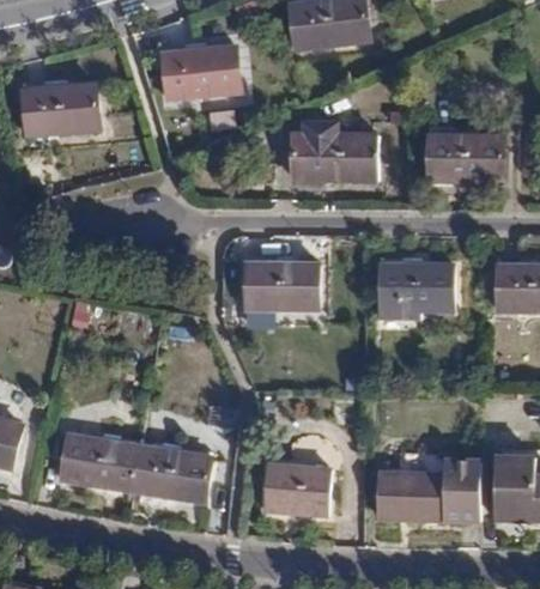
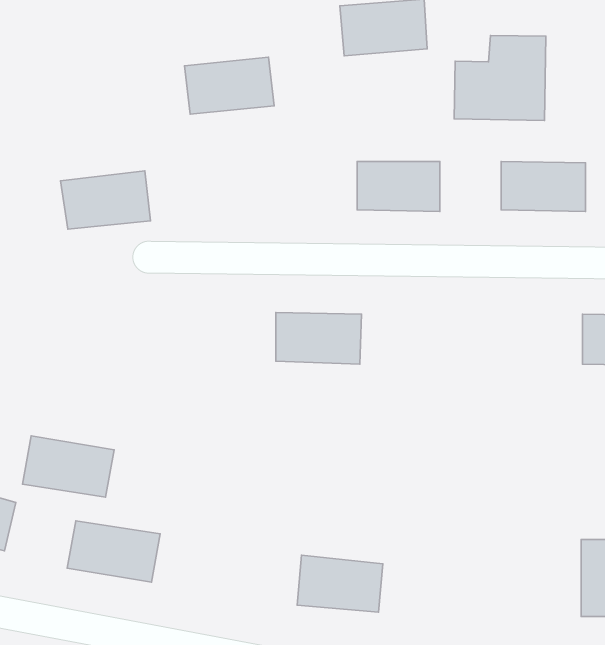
building: none -> [454,35,546,120]
building: [19,85,95,134] -> [61,171,150,229]
building: [377,263,449,308] -> none
building: [134,449,211,500] -> [23,436,114,497]
building: [376,461,479,520] -> none

